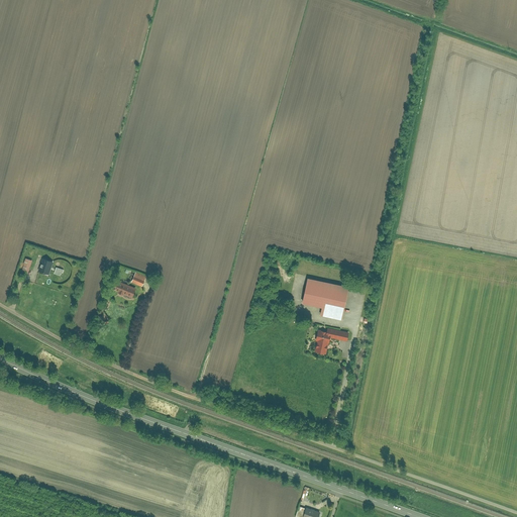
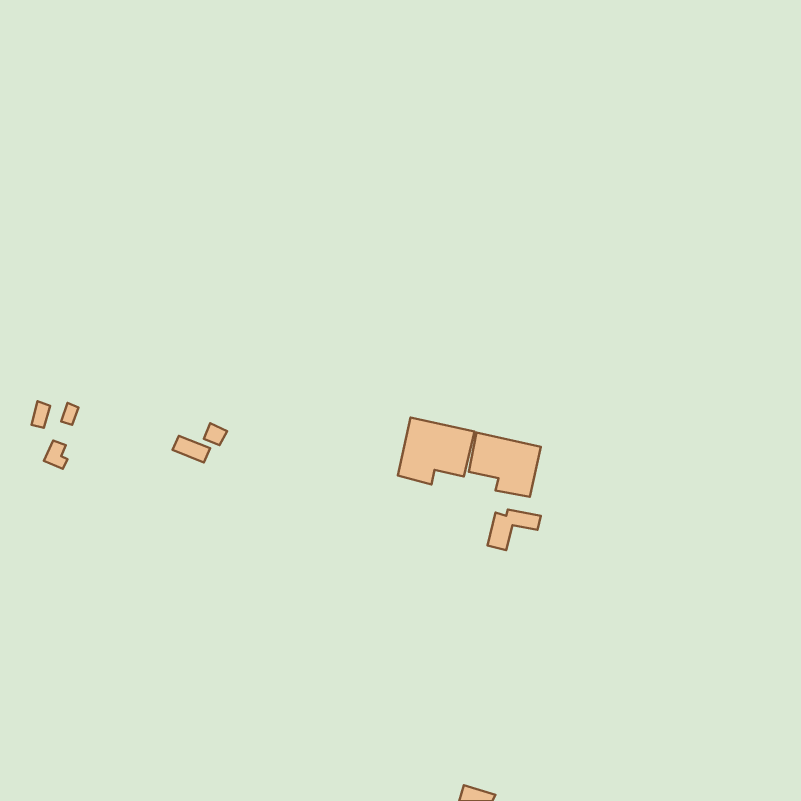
building: none -> [398,417,474,484]

